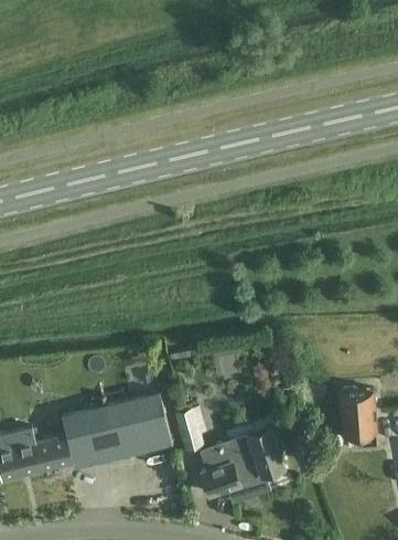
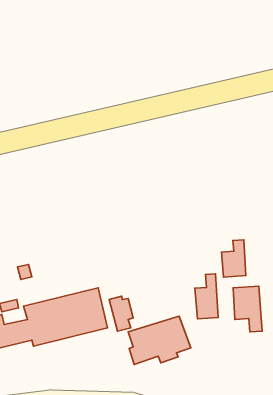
building: none -> [221,240,246,277]
building: none -> [195,274,218,319]

